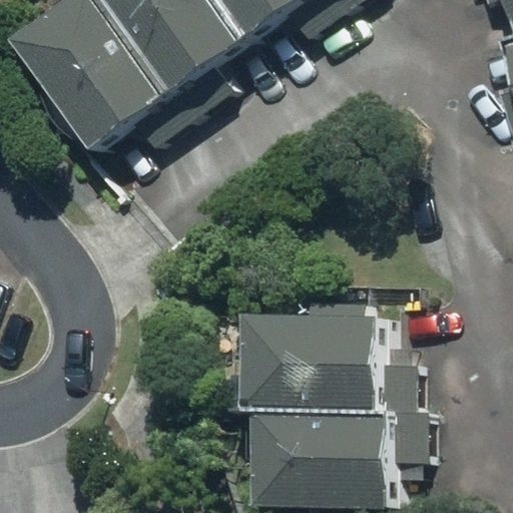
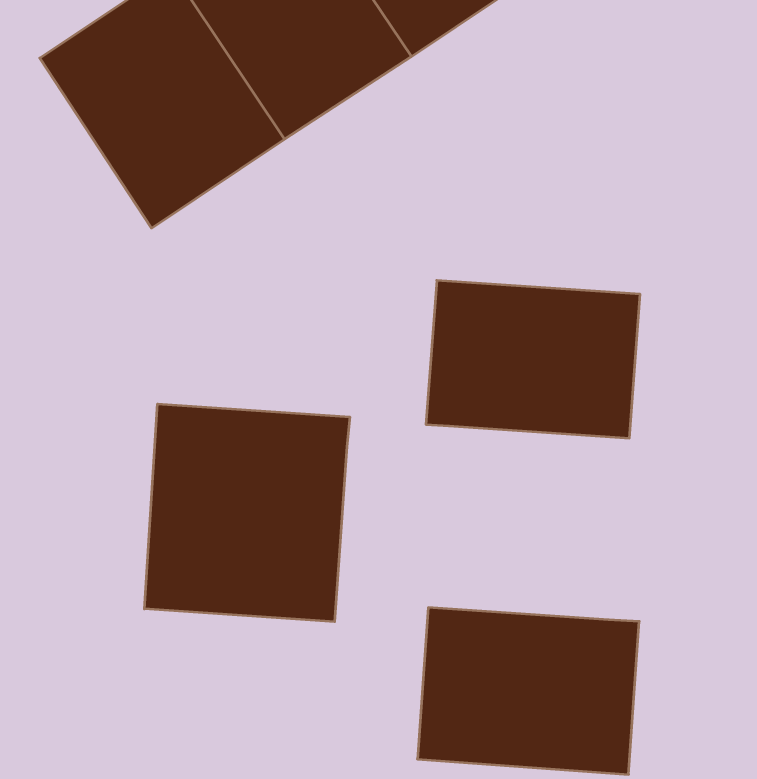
building: none -> [144,404,350,622]
building: [266,303,406,406] -> [426,280,640,438]

